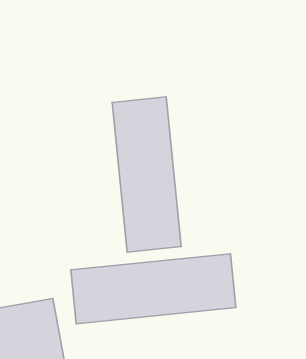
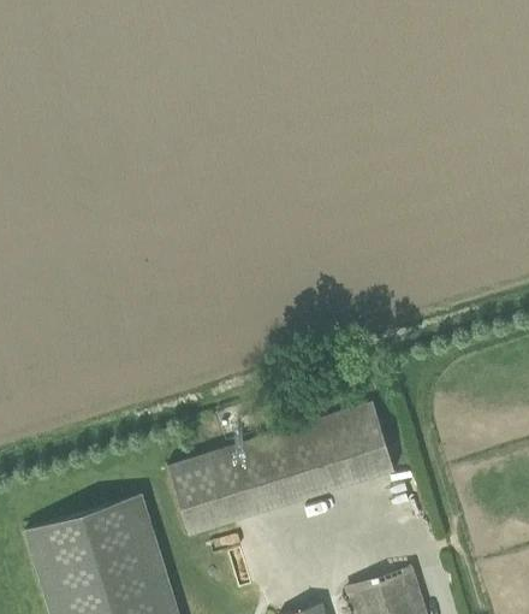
building: [112,97,181,252] -> none

